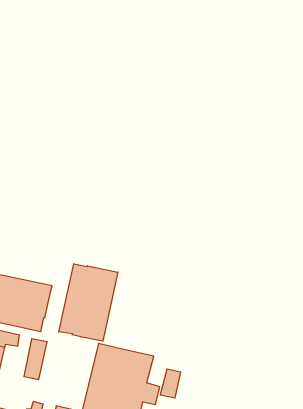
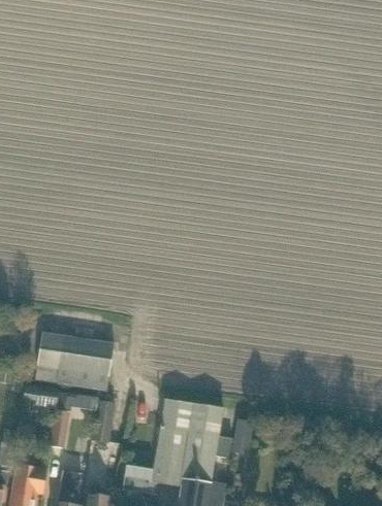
building: [59,264,118,341] -> none

